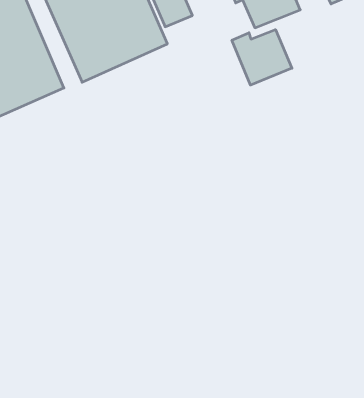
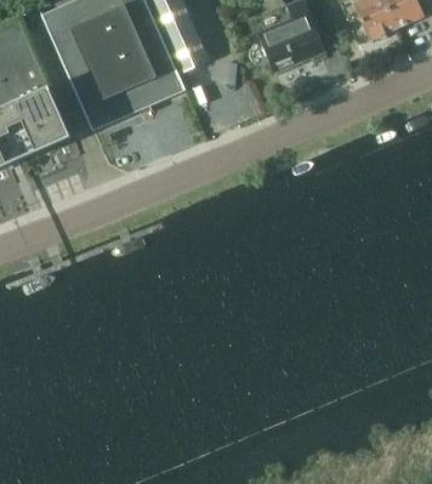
building: [232,30,292,85] -> none

